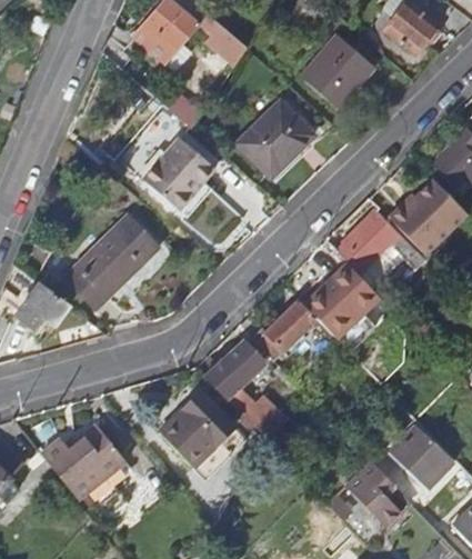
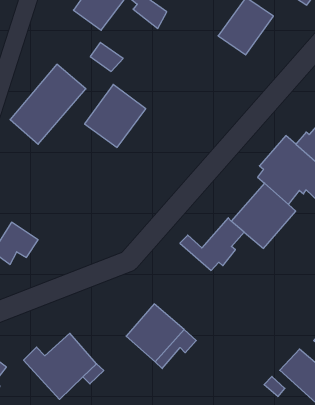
building: [239,102,314,177] -> none
building: [64,216,158,309] -> [10,64,86,144]
building: [205,340,268,428] -> none

